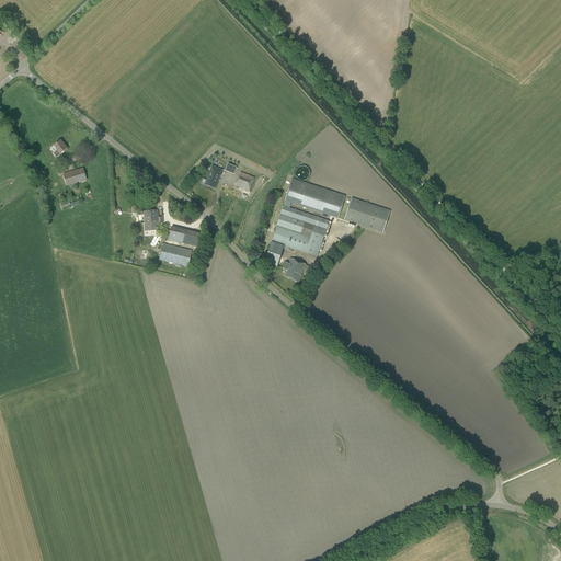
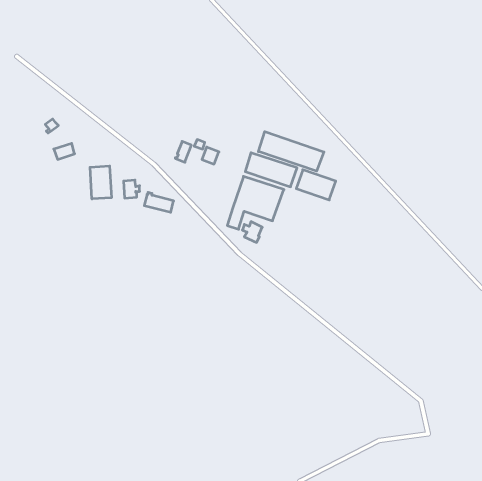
building: none -> [258,132,324,171]
building: none -> [90,166,111,199]
building: [159,242,192,266] -> none

